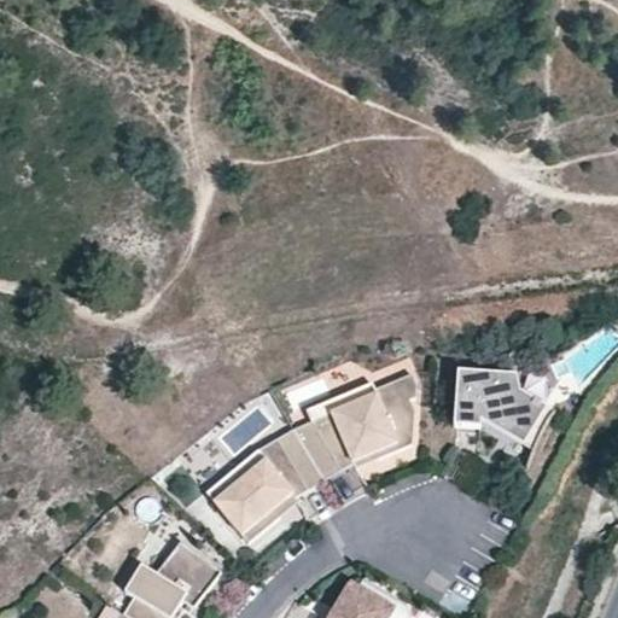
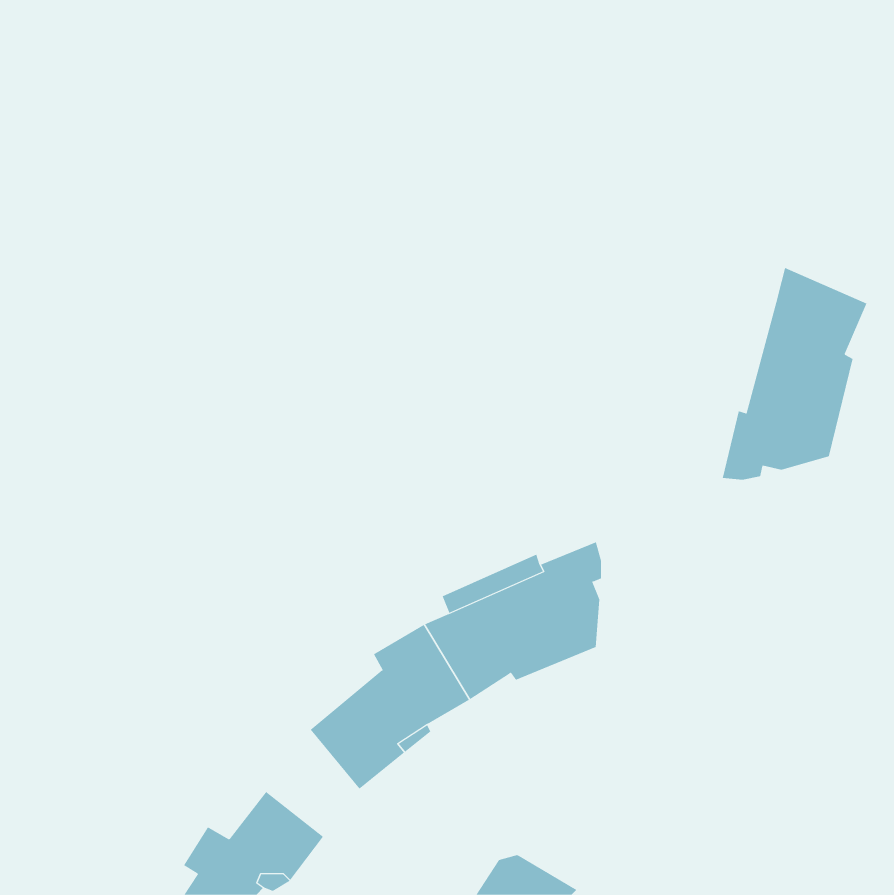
building: none -> [722,267,867,481]
building: [451,371,548,444] -> none

